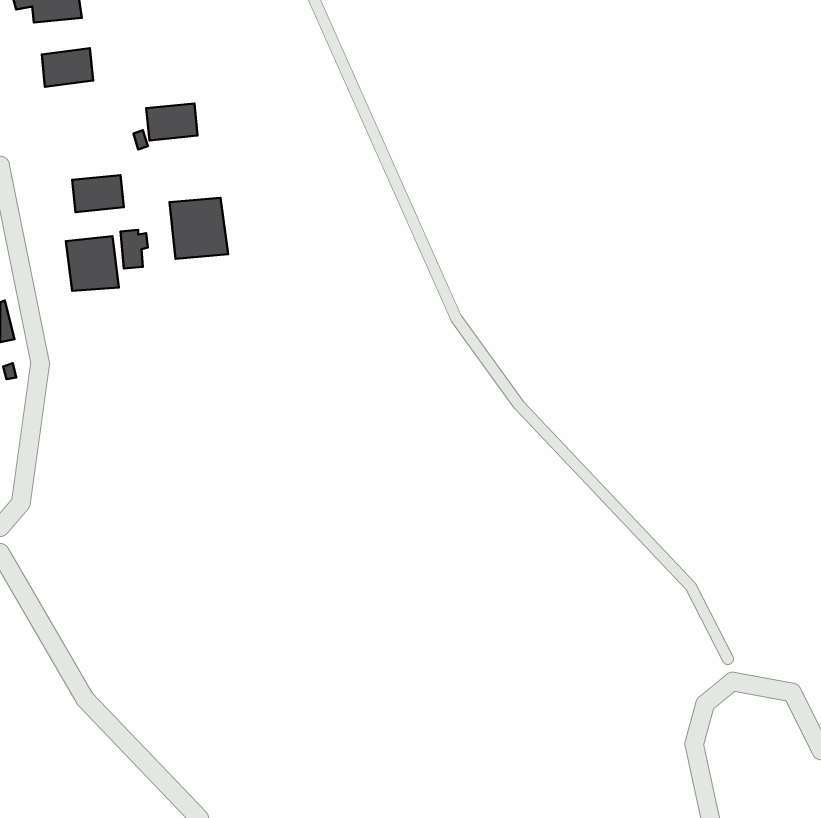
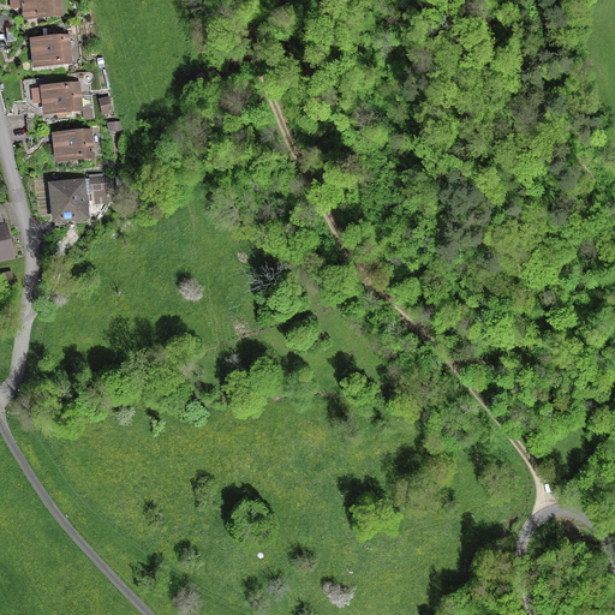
building: [146,103,198,140] -> [42,84,80,112]
building: [169,198,228,259] -> none

